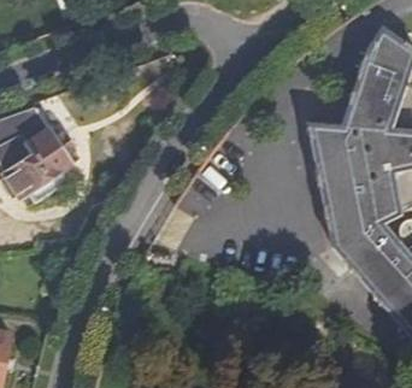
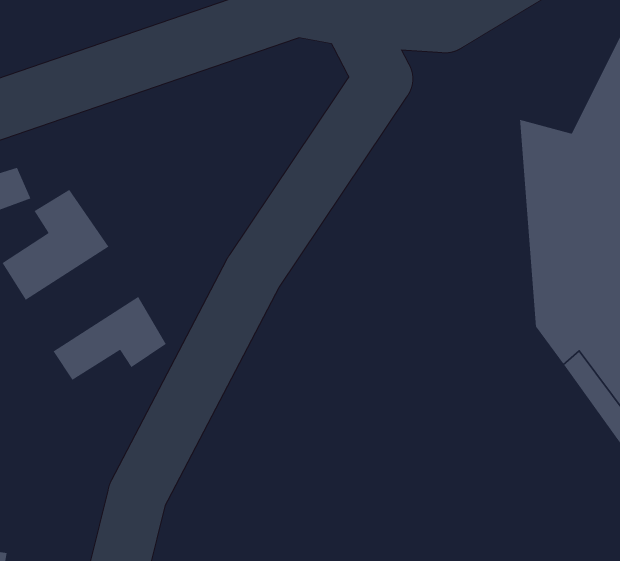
building: none -> [53,296,167,381]

